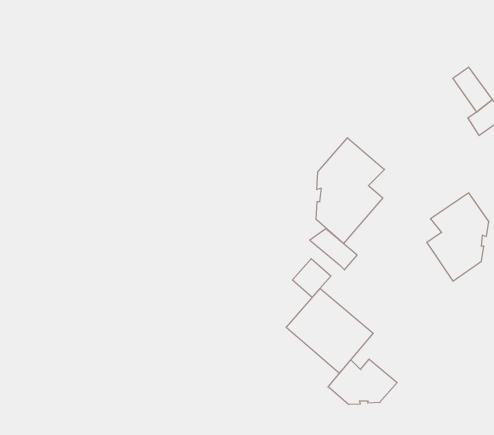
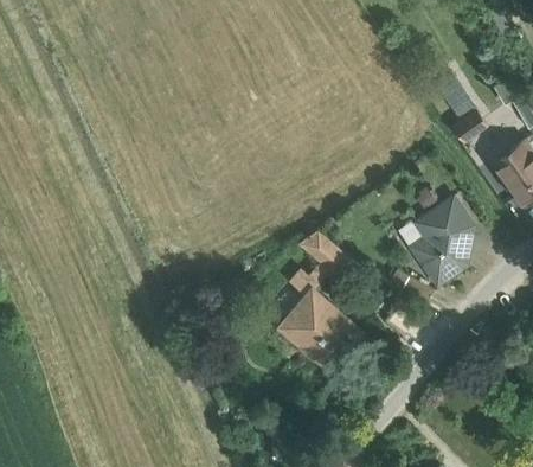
building: [316,138,385,244] -> none
building: [328,359,397,405] -> none

